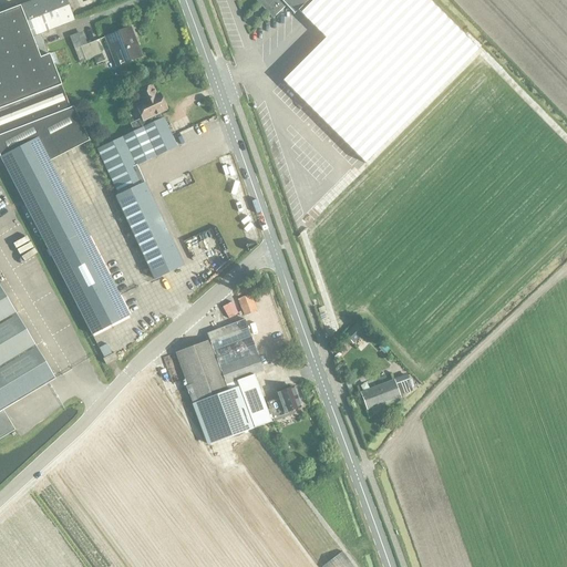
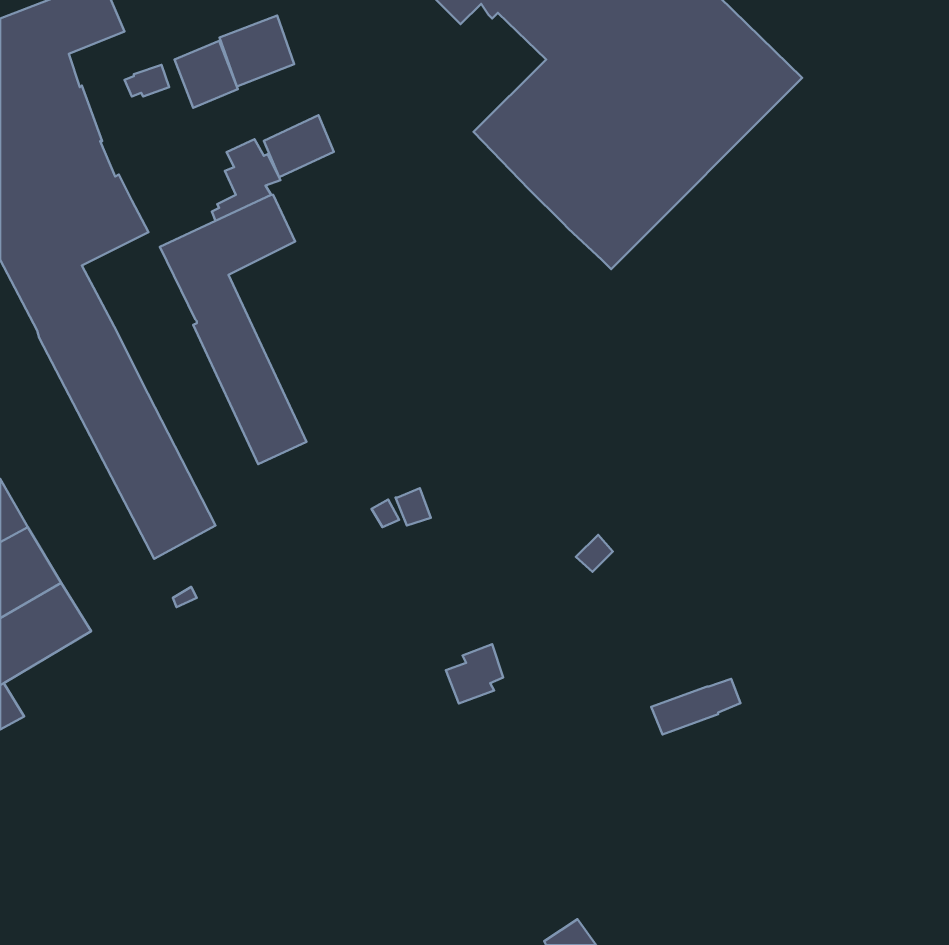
building: none -> [220,15,294,86]
building: none -> [264,115,334,177]
building: [175,317,271,442] -> none
building: [360,373,413,406] -> [651,679,740,735]

